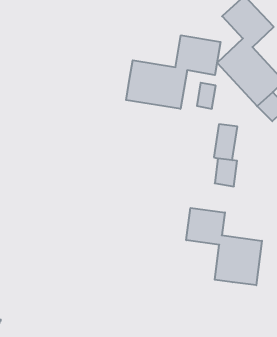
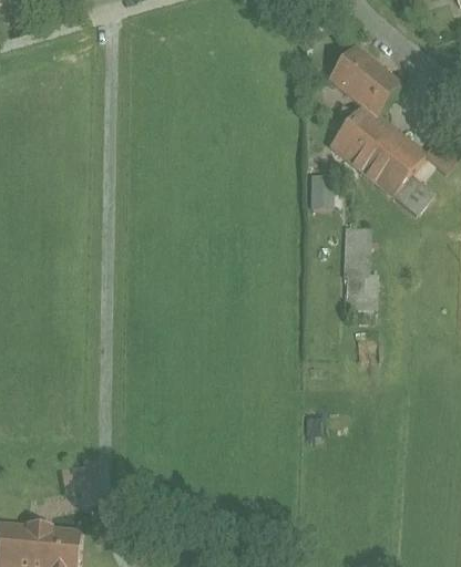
building: [126,35,221,109] -> none
building: [186,208,262,285] -> none

